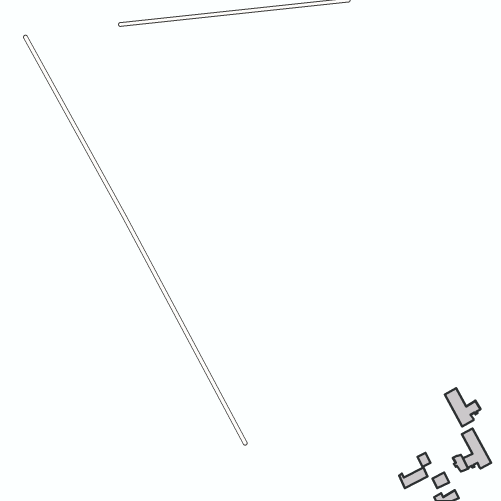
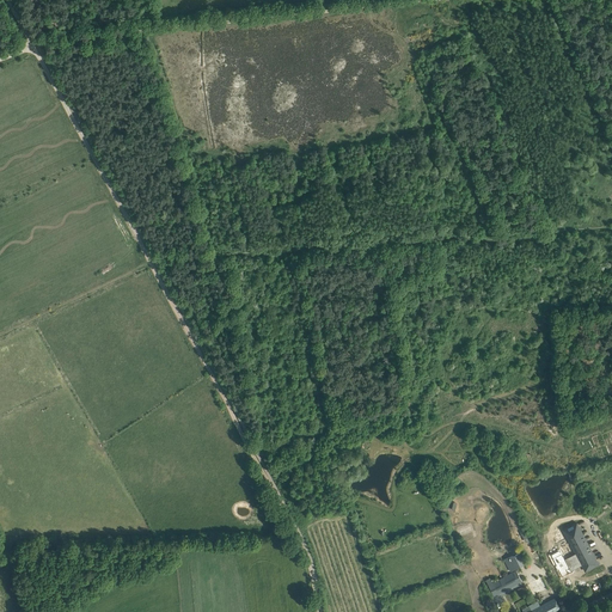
building: [445,388,481,426] -> none

